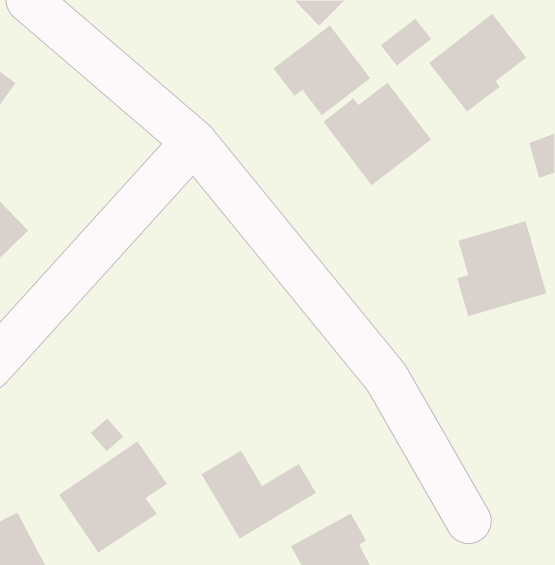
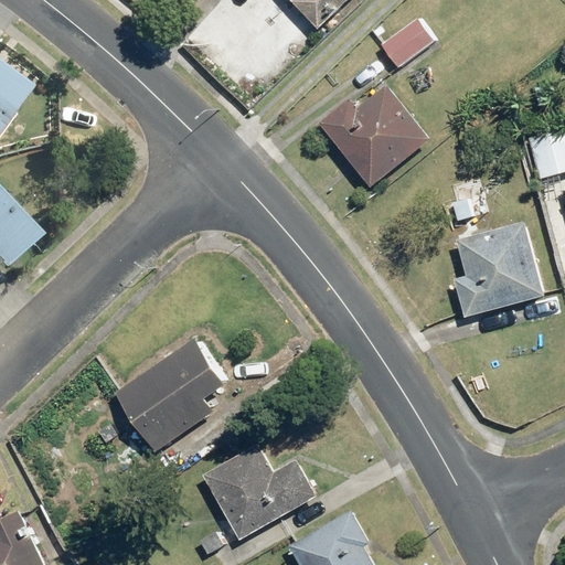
building: [428,13,527,113] -> none
building: [273,25,371,116] -> none
building: [58,441,168,554] -> [115,339,224,451]

